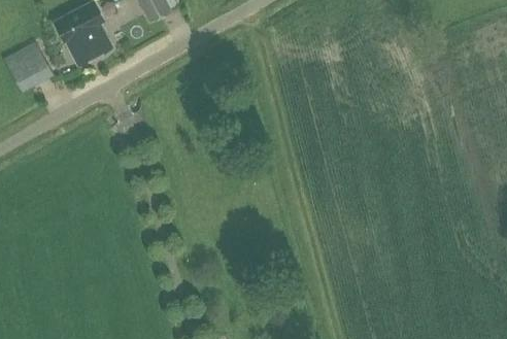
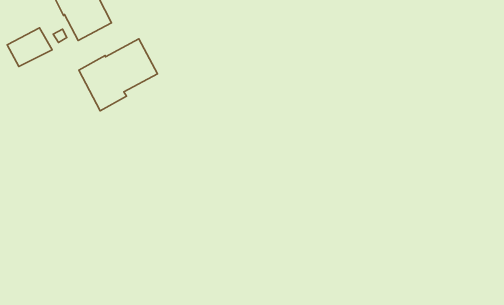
building: none -> [79,39,157,111]

